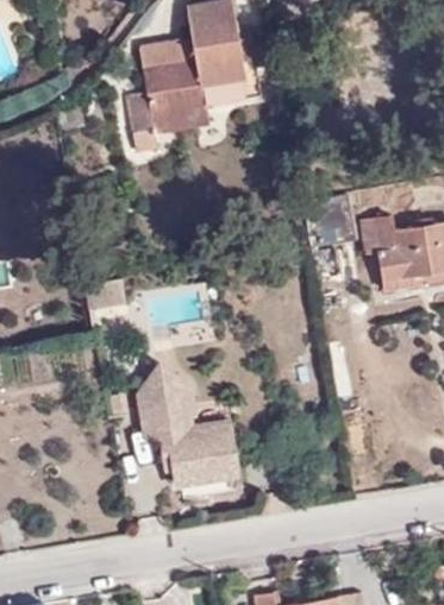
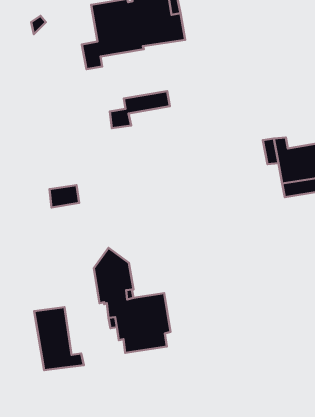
building: [131,103,208,151] -> [110,91,170,128]
building: none -> [34,307,84,370]

